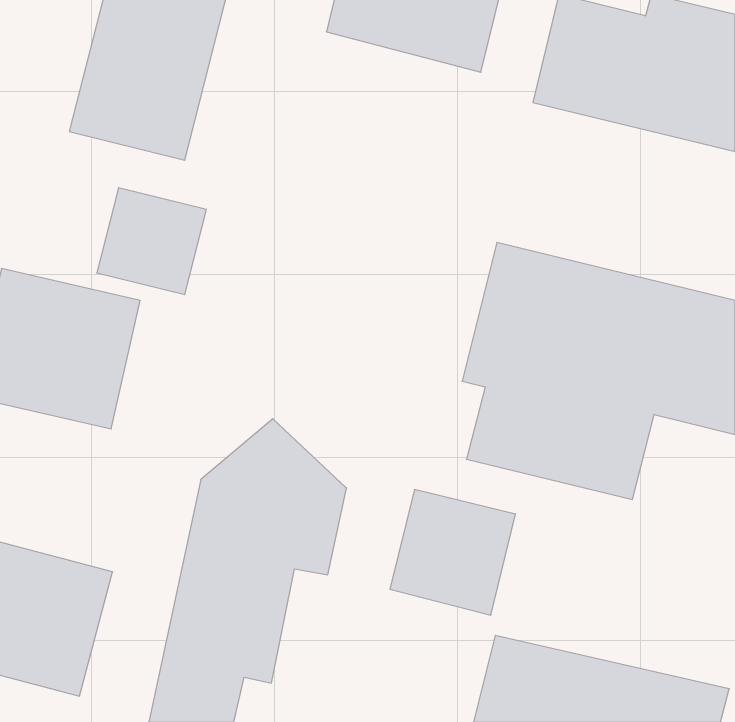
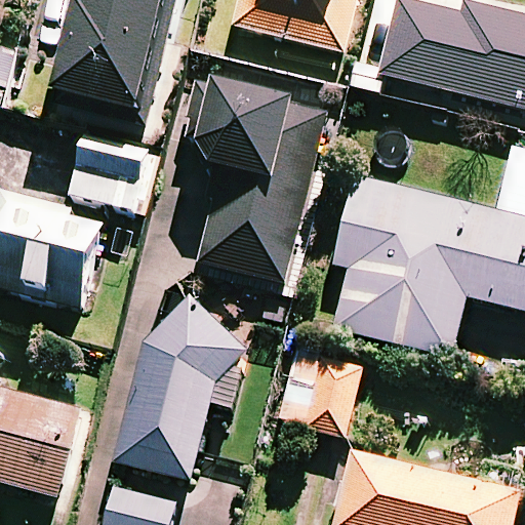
building: none -> [177,81,325,281]

